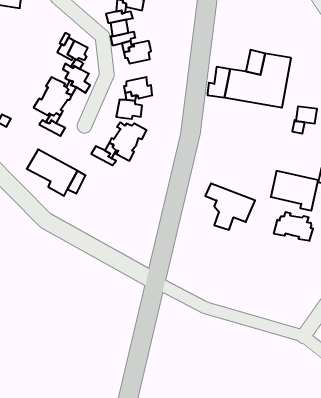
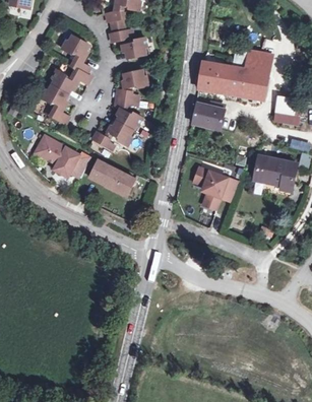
building: none -> [195,103,224,129]
building: none -> [89,159,135,195]
building: [274,212,313,241] -> none

